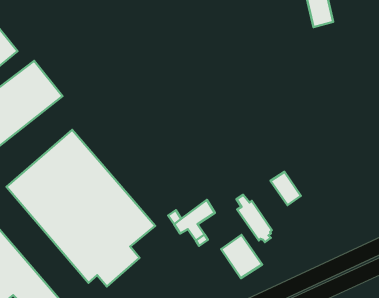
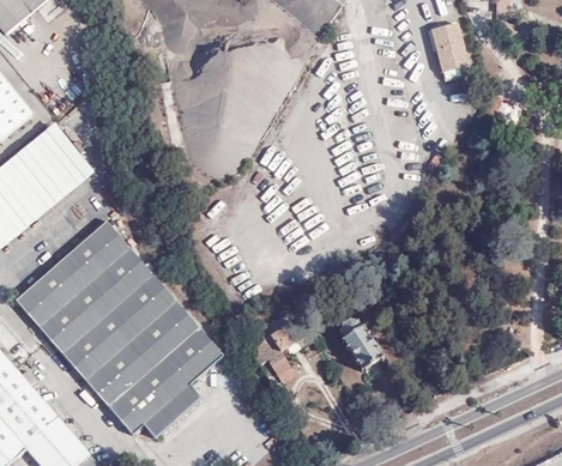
building: [271,172,301,205] -> none
building: [221,235,262,278] -> none

